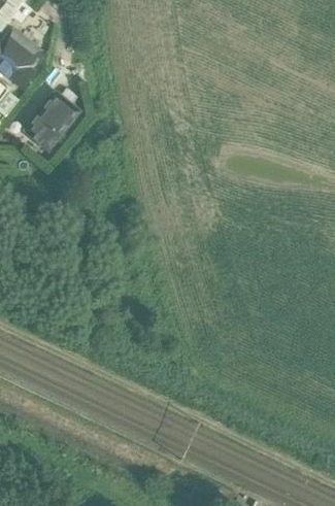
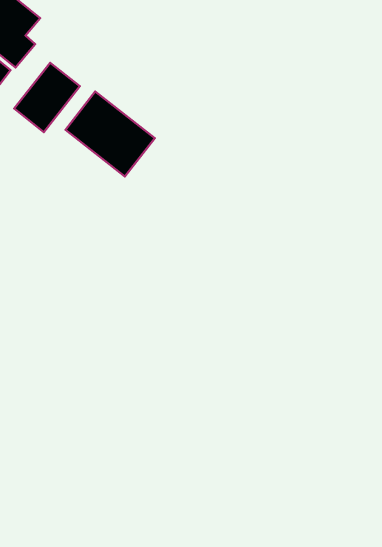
building: none -> [65,92,155,177]

